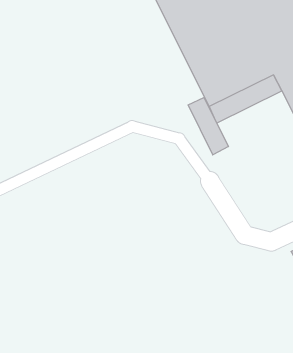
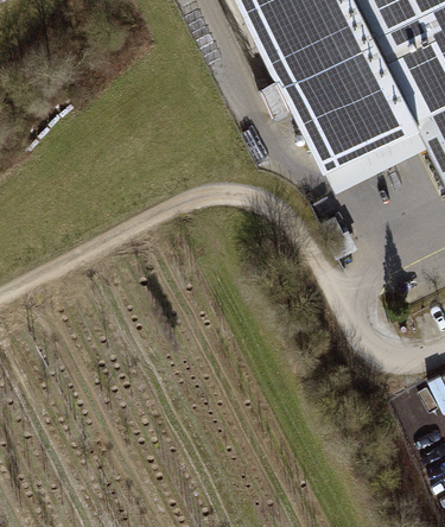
building: [188,98,228,155] -> none

